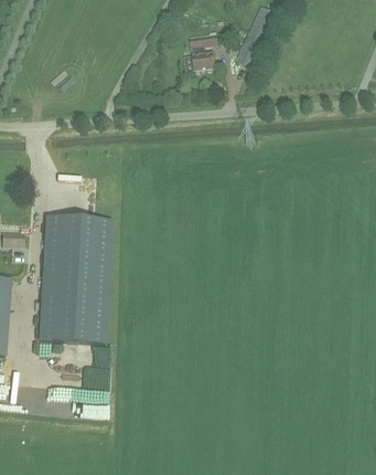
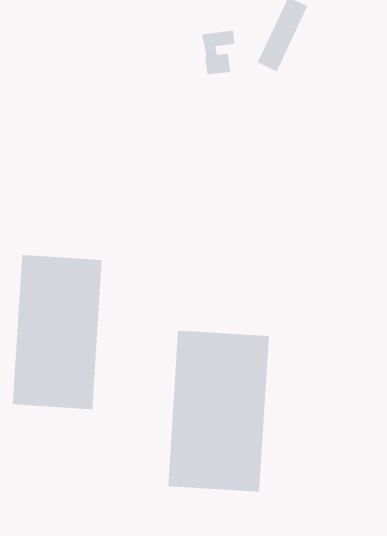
building: none -> [168,330,270,492]

